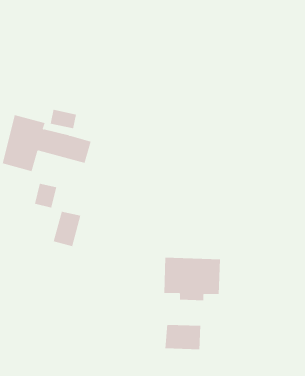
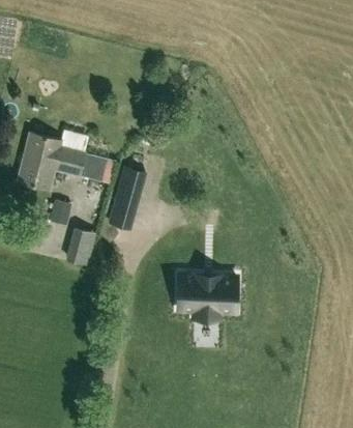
building: none -> [110,167,146,230]
building: [165,324,201,350] -> none

